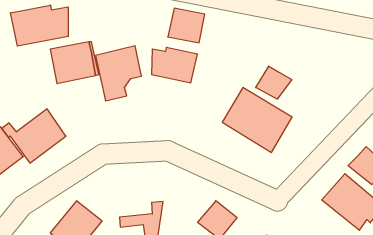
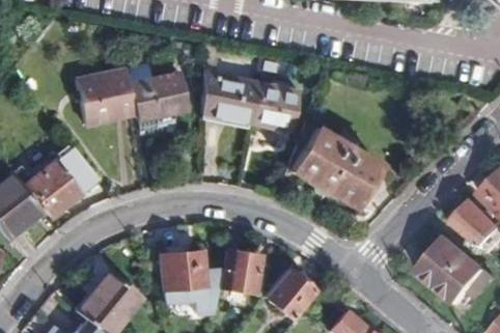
building: [10,5,68,46] -> none
building: [168,8,205,43] -> [253,84,300,128]
building: [256,66,292,99] -> none
building: none -> [160,251,204,290]
building: none -> [221,253,259,289]

